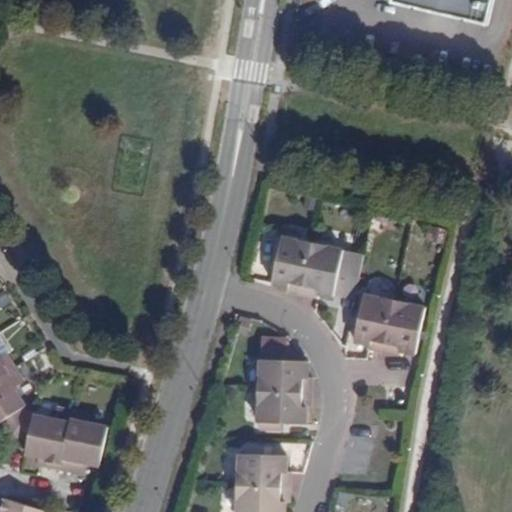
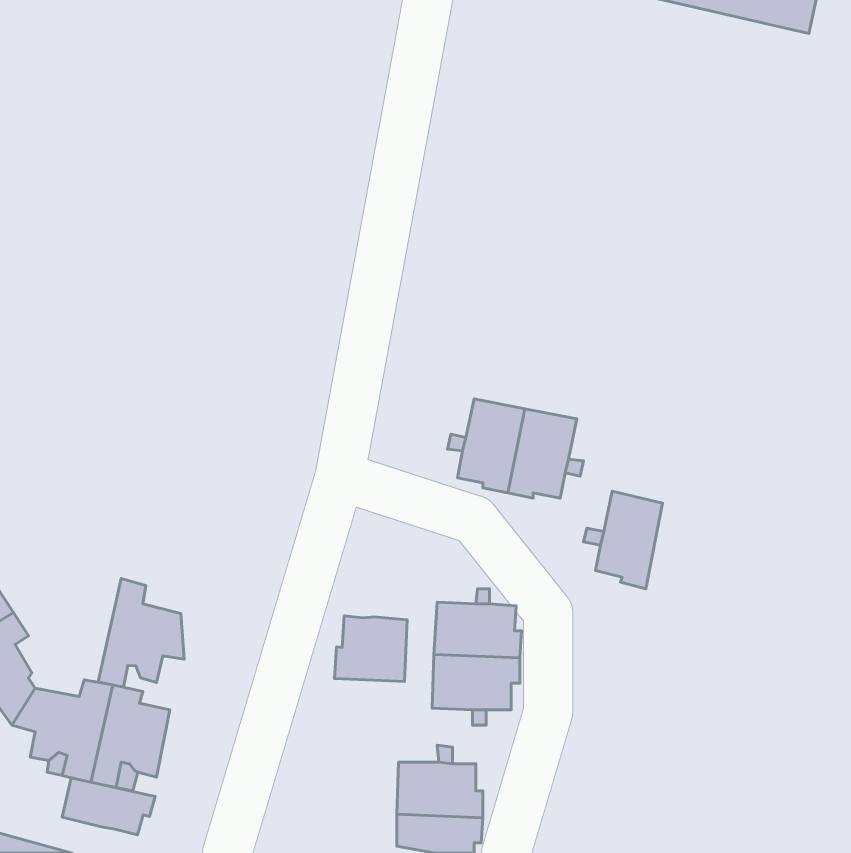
building: [384,299,423,353] -> none
building: none -> [98,578,184,687]
building: none -> [335,616,407,681]
building: none -> [62,778,155,835]

